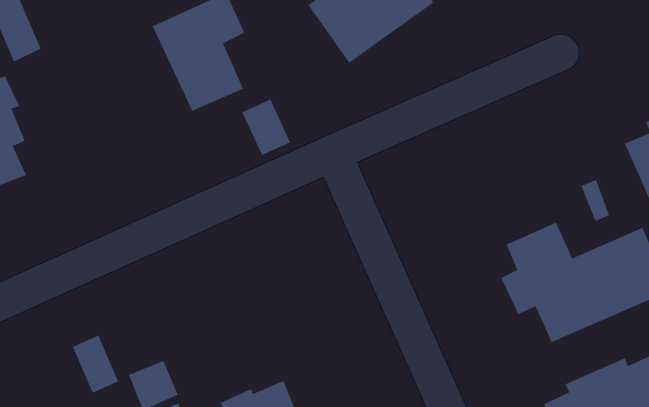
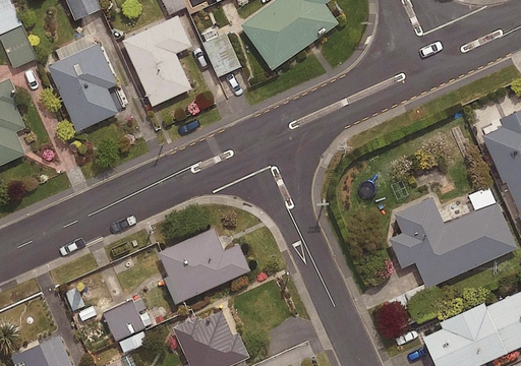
building: none -> [47,45,118,133]
building: [242,99,291,156] -> [205,35,242,78]
building: none -> [158,231,250,305]

